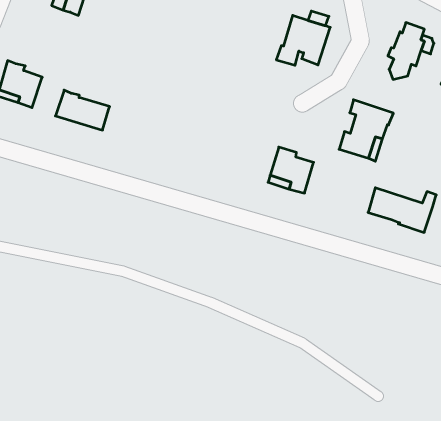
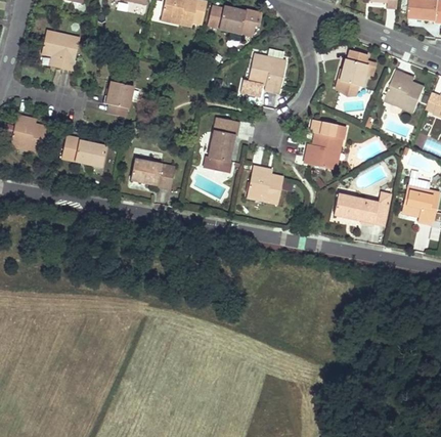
building: none -> [104,81,135,117]
building: none -> [205,116,239,172]
building: none -> [130,159,176,189]

